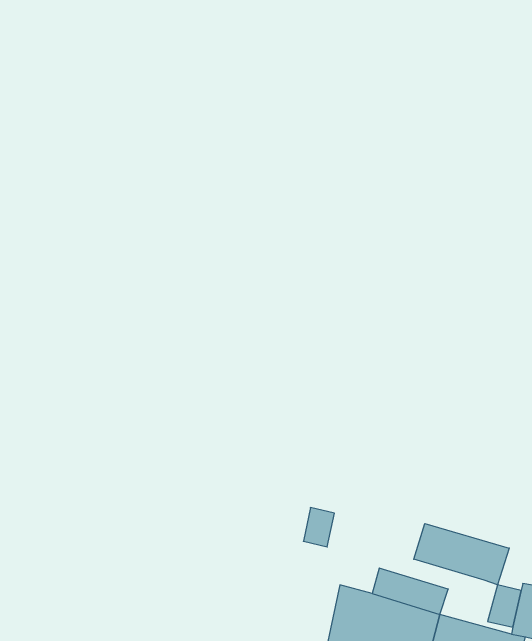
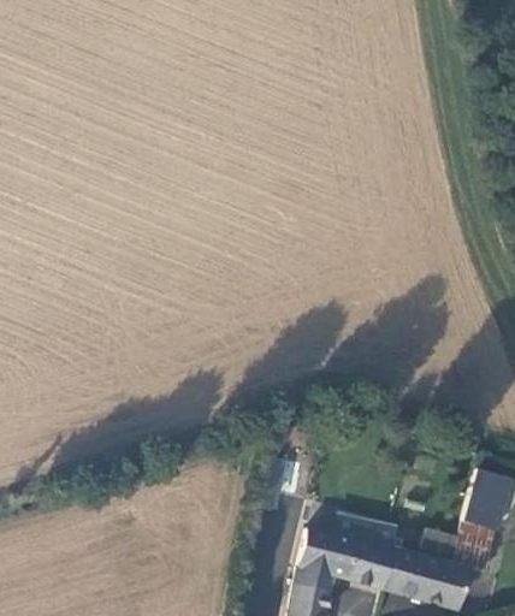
building: [414,524,509,585] -> none

